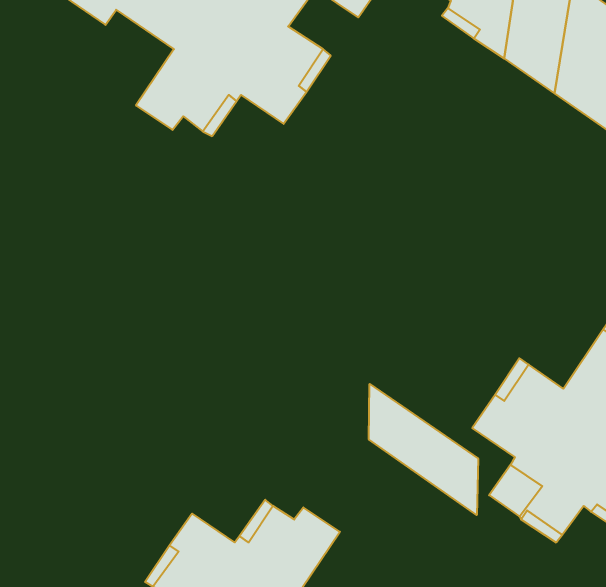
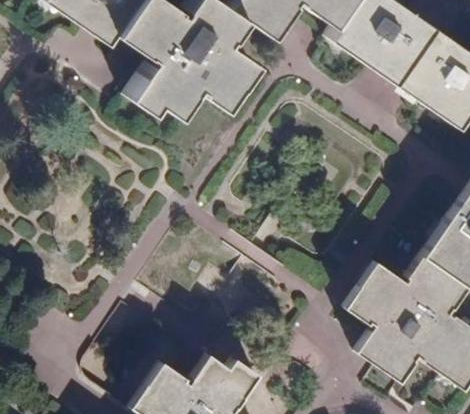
building: [369,384,478,515] -> none

